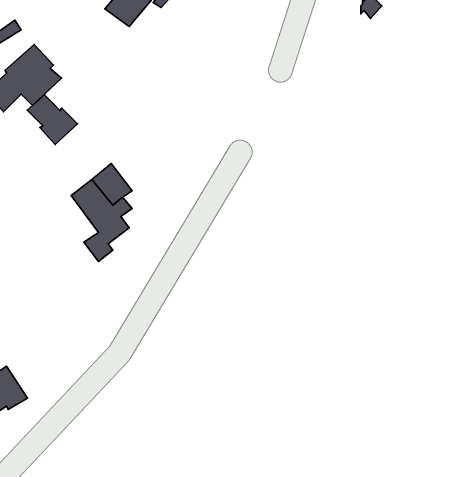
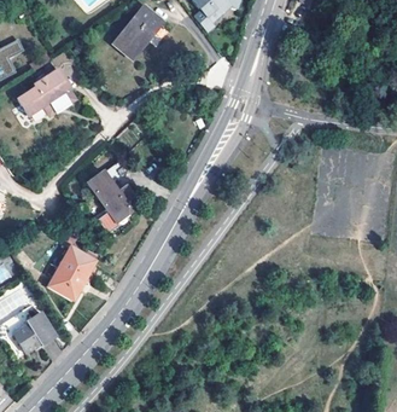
building: [27,95,77,144] -> none
building: none -> [52,249,95,300]

